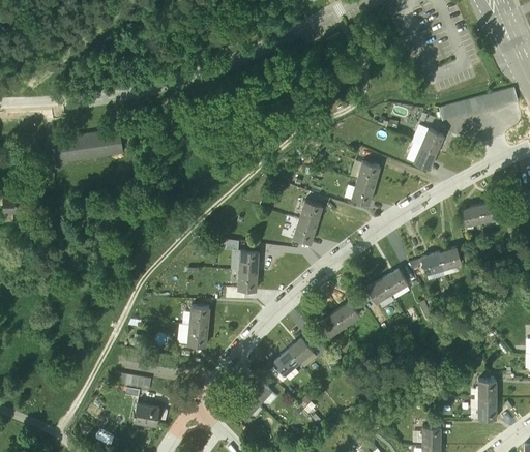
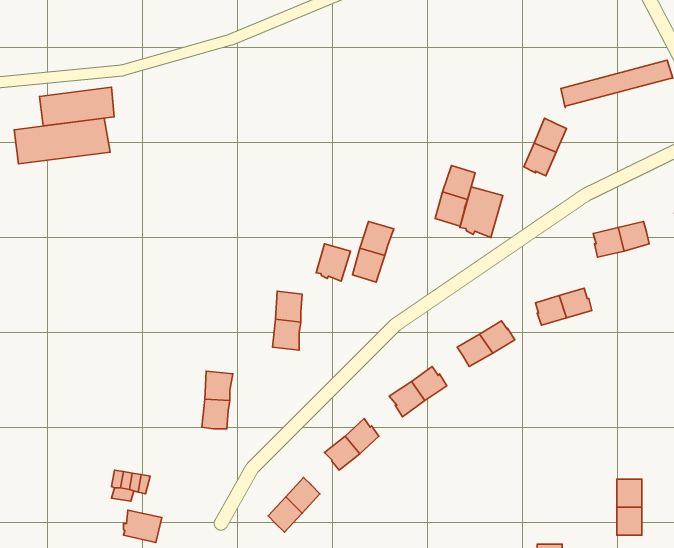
building: none -> [39,87,114,126]
building: none -> [460,187,503,238]
building: none -> [316,244,350,281]

